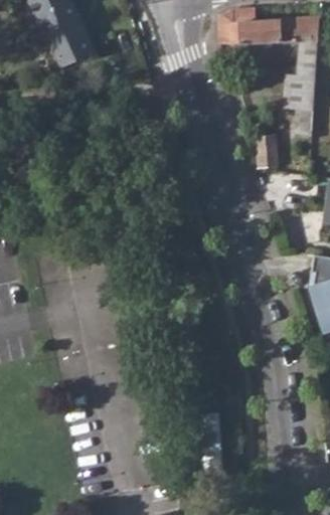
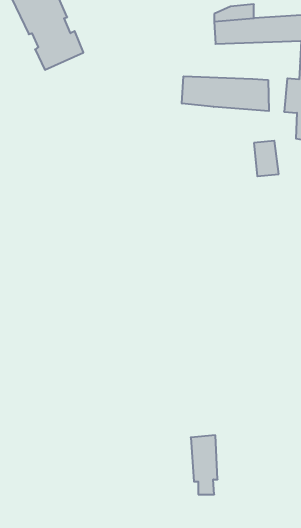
building: none -> [182,76,269,111]

